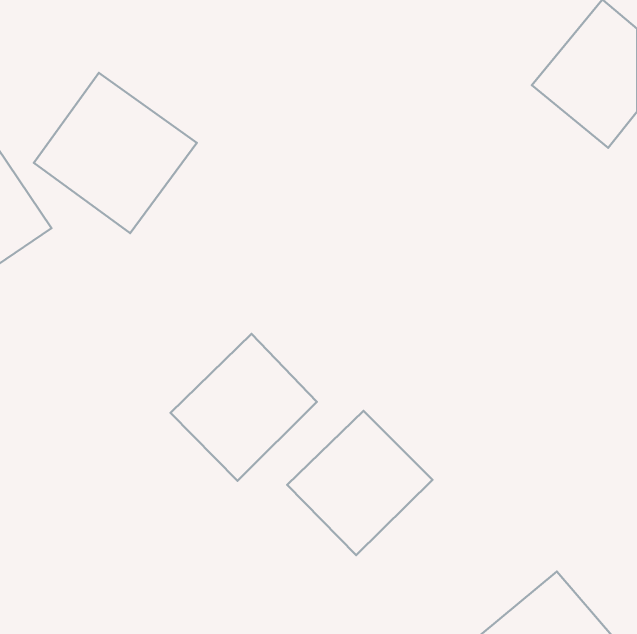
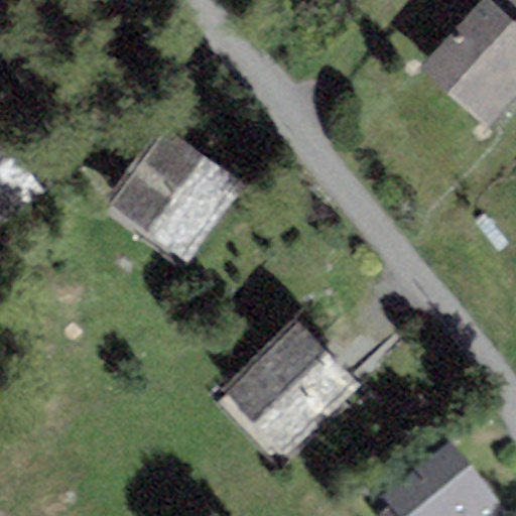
building: [34,73,197,233] -> [109,127,240,256]
building: [171,334,317,481] -> none

